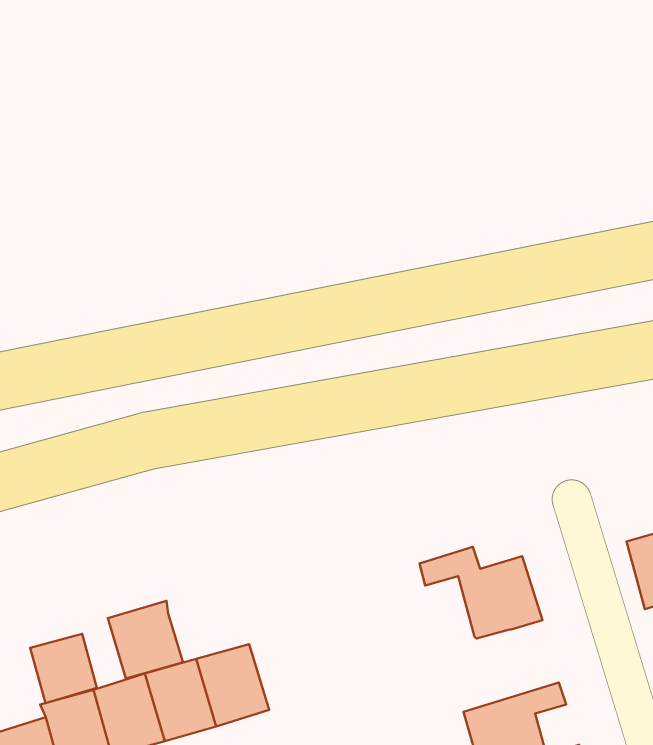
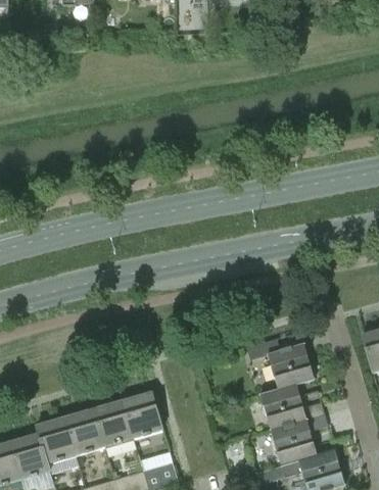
building: [108,601,183,679] -> none
building: none -> [259,384,324,430]
building: [30,634,97,703] -> none

